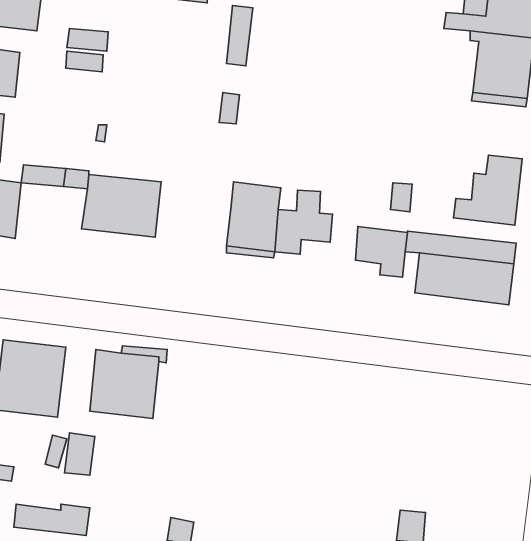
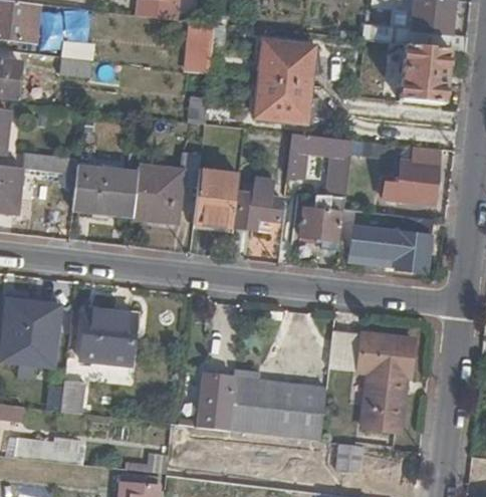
building: none -> [256,43,313,122]
building: none -> [287,134,346,178]
building: none -> [135,152,201,220]
building: none -> [328,331,412,432]
building: none -> [193,369,326,440]

